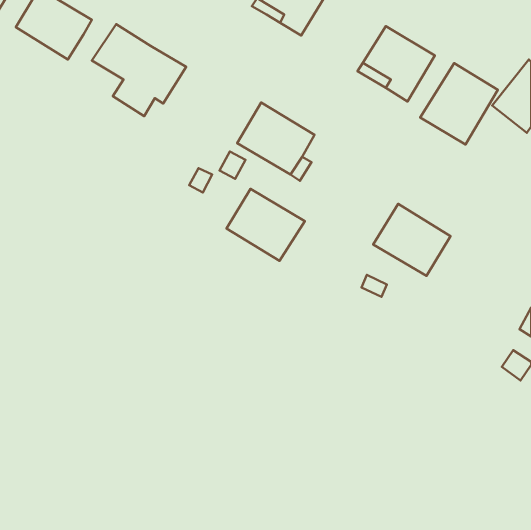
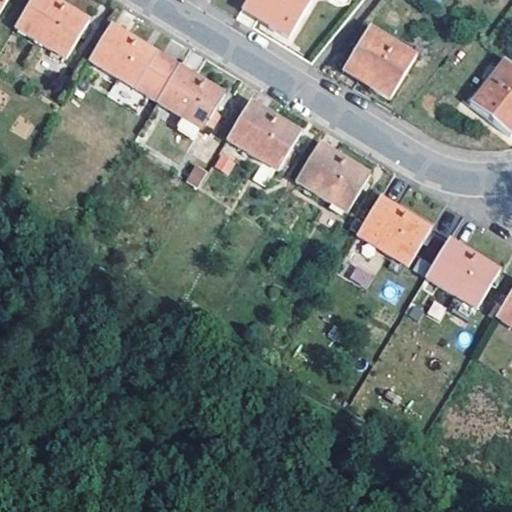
building: [420,63,498,144] -> none
building: none -> [156,64,223,126]
building: [226,189,305,261] -> [296,141,371,210]
building: none -> [426,237,500,306]

